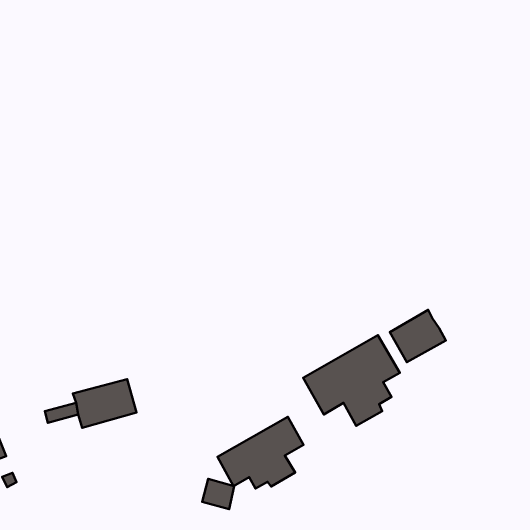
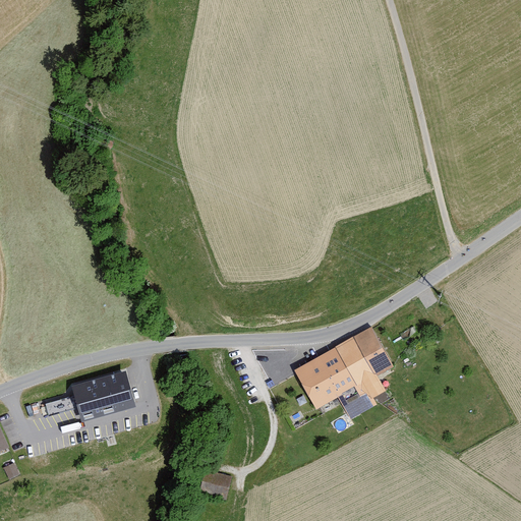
building: [390,310,446,362] -> none
building: [217,417,304,488] -> none

